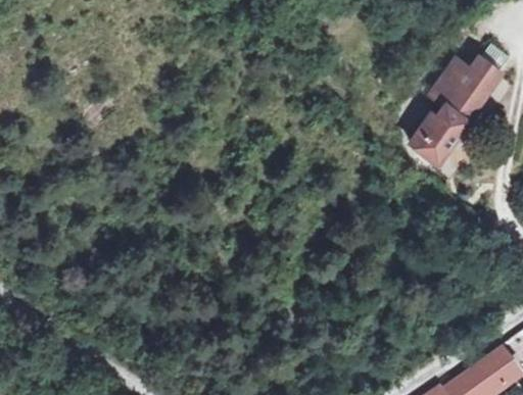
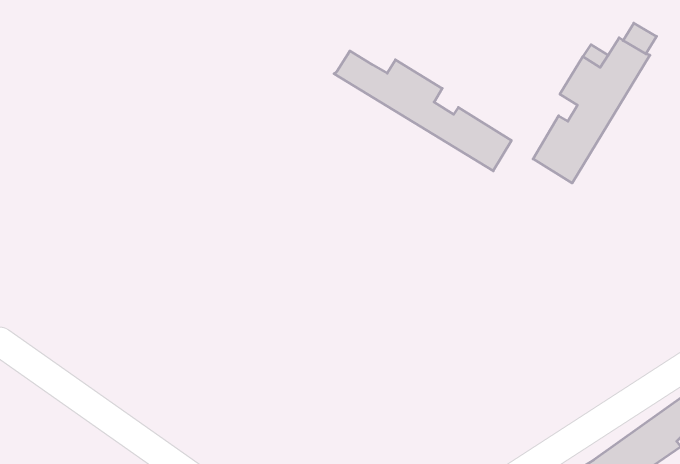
building: none -> [334,51,511,171]

